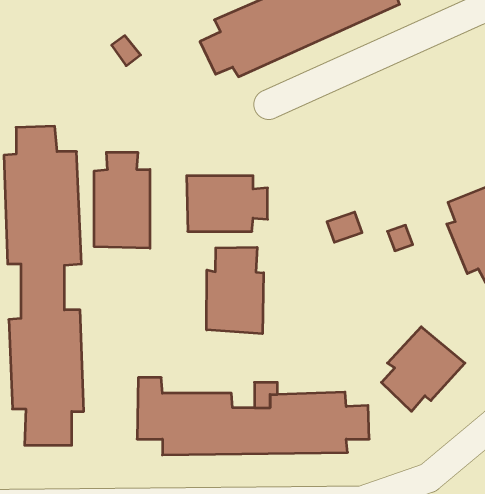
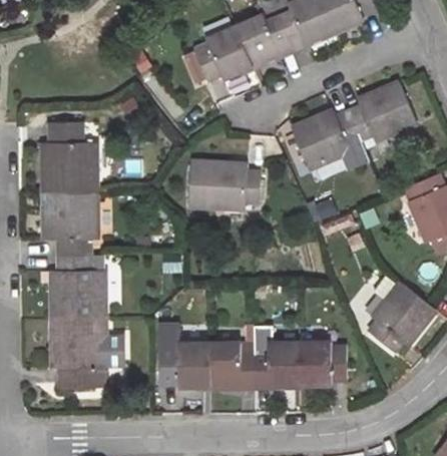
building: none -> [289,80,419,171]
building: [94,152,150,248] -> none
building: [207,247,264,334] -> none

